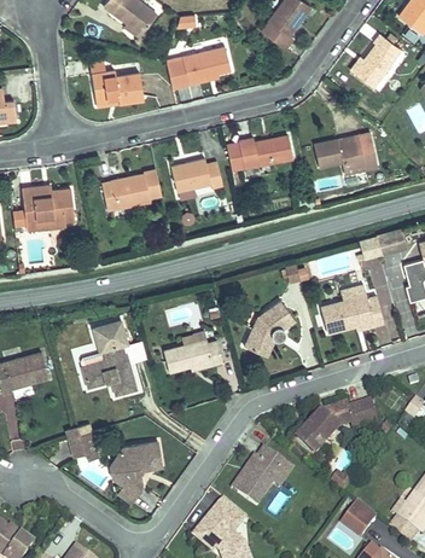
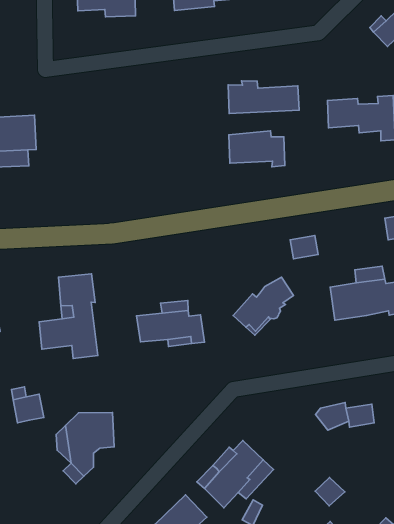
building: [165,156,216,187] -> [229,131,285,167]
building: [98,165,156,204] -> none
building: [303,414,342,454] -> none

